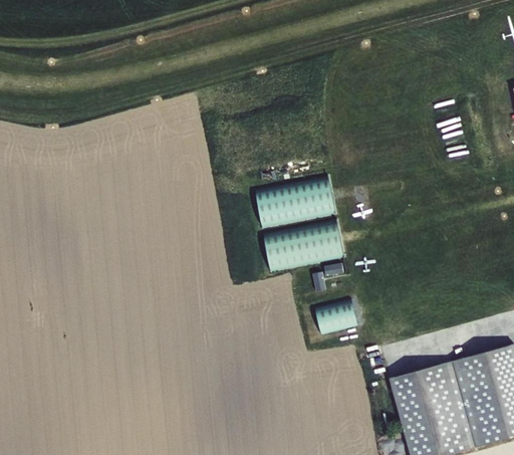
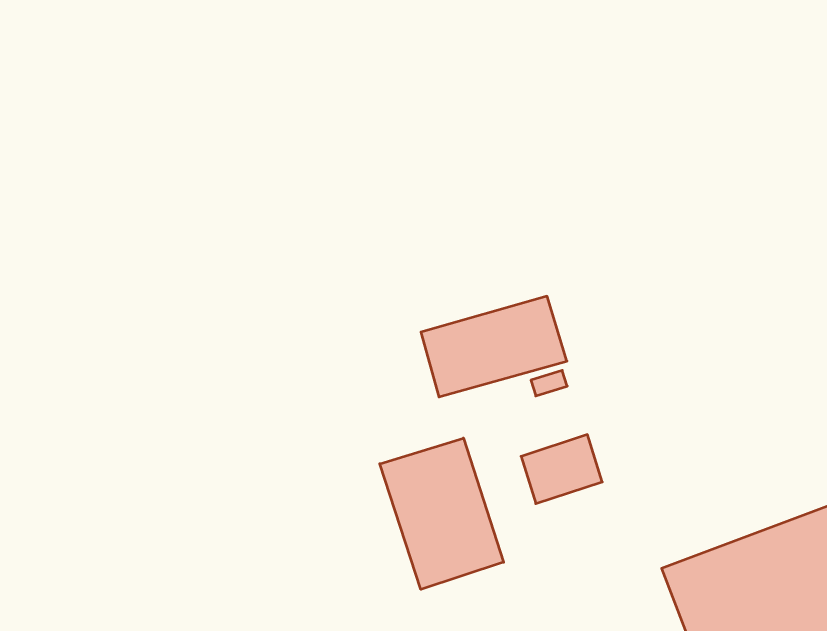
building: [257,176,337,230] -> none
building: none -> [380,438,504,589]

